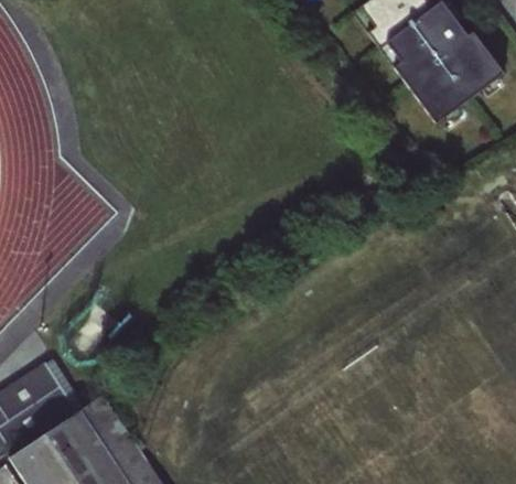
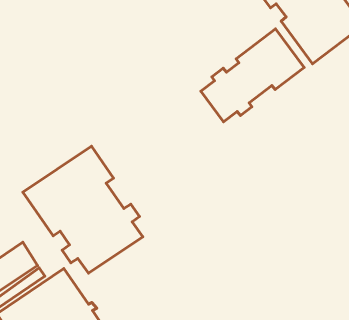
building: none -> [201,29,304,122]
building: none -> [23,146,143,273]

